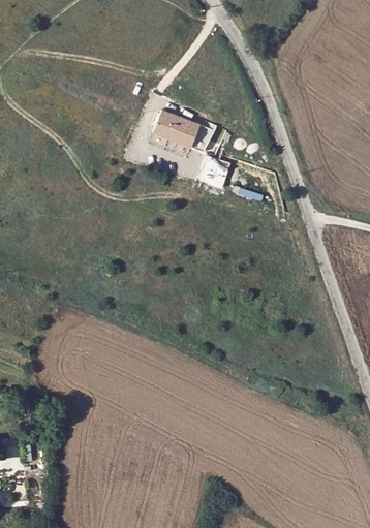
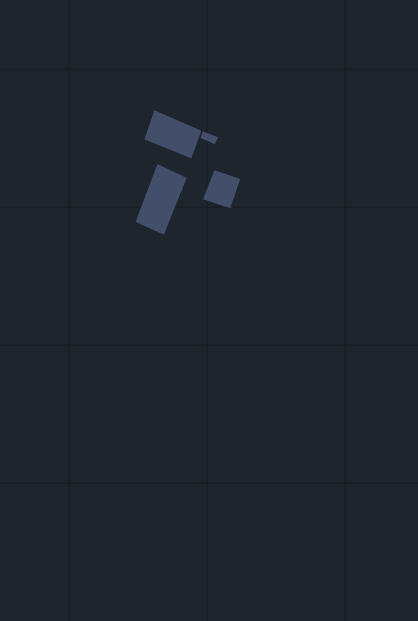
building: none -> [135,163,188,235]

